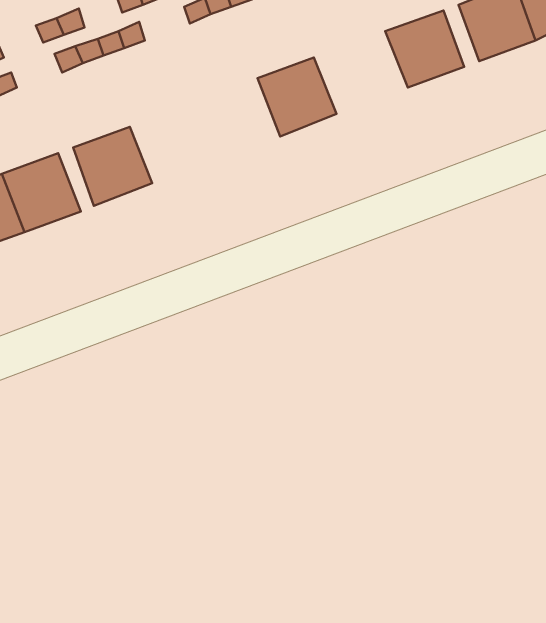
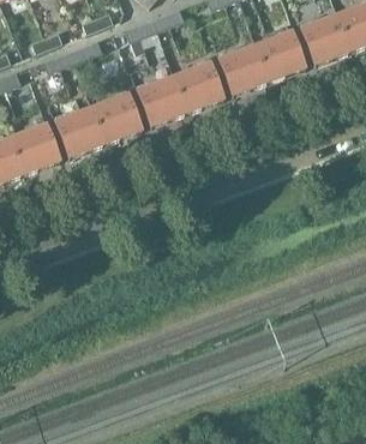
building: none -> [217,46,268,95]
building: none -> [136,76,186,126]
building: none -> [90,94,140,143]

